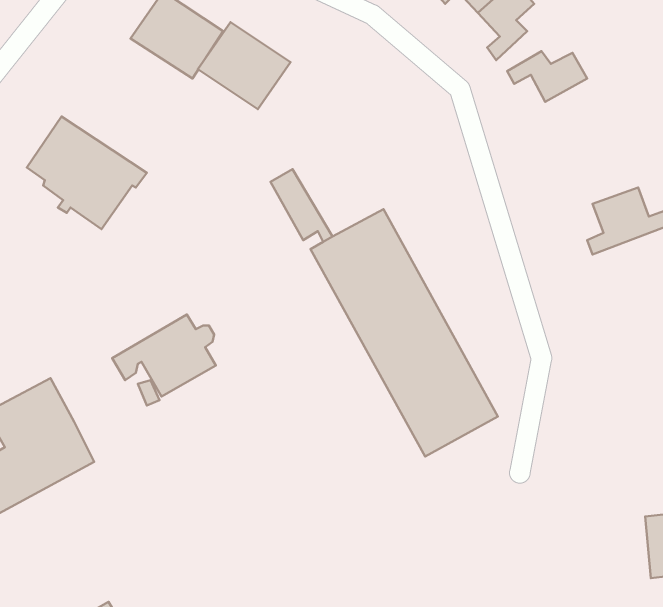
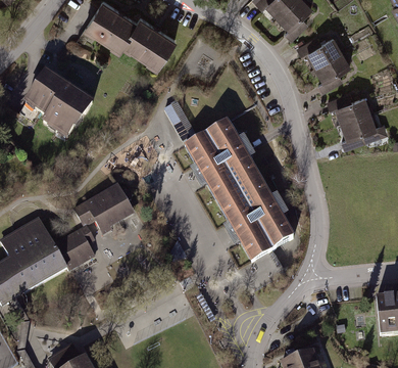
building: none -> [316,52,349,93]
building: none -> [326,94,369,123]
building: none -> [53,228,94,272]

